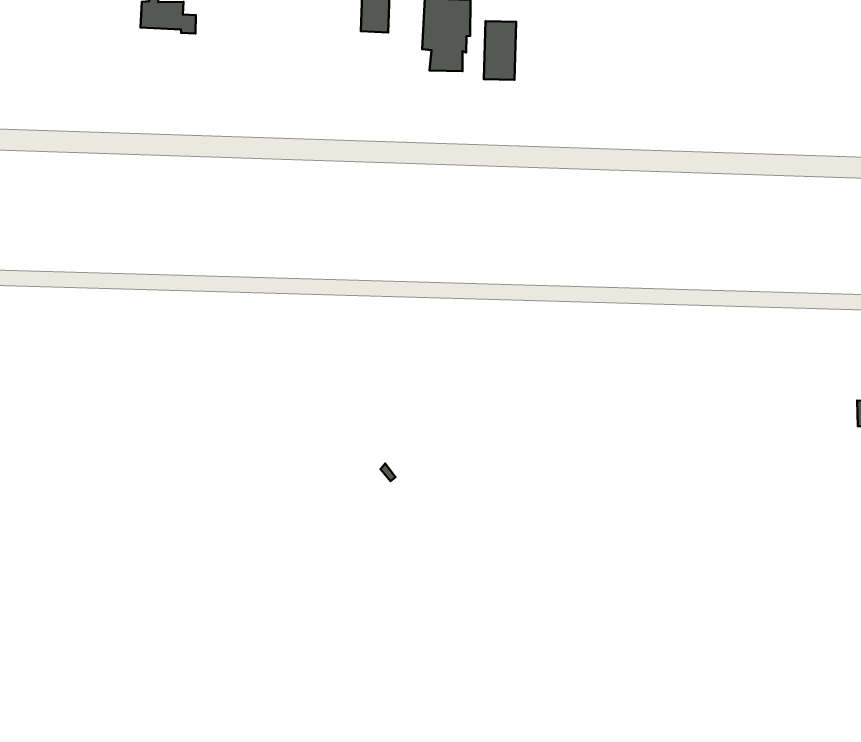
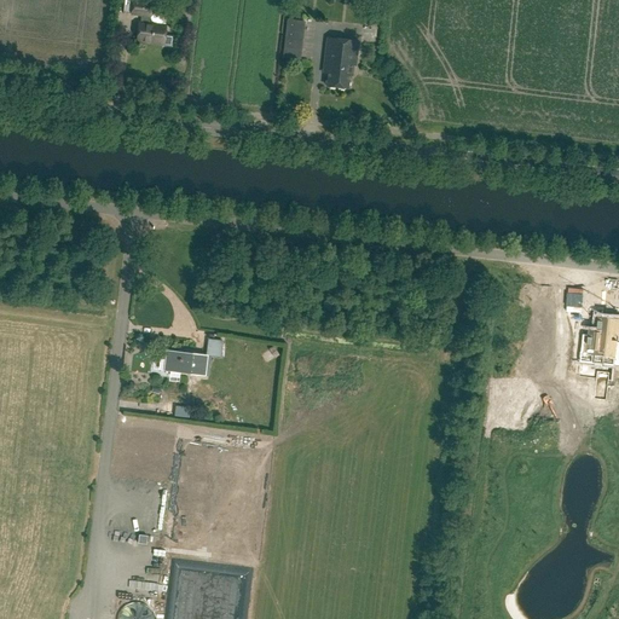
building: [484,21,516,80] -> none
building: none -> [164,349,206,375]

